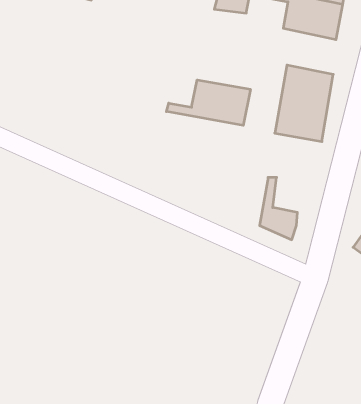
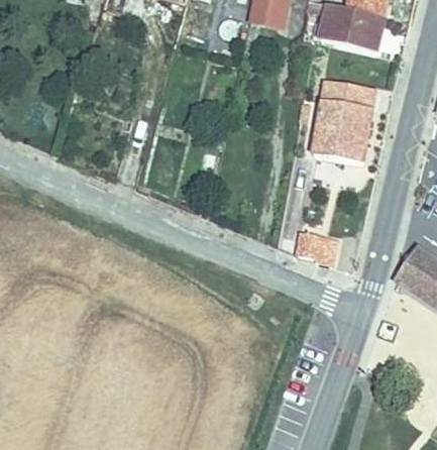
building: [166,80,250,125] -> none

